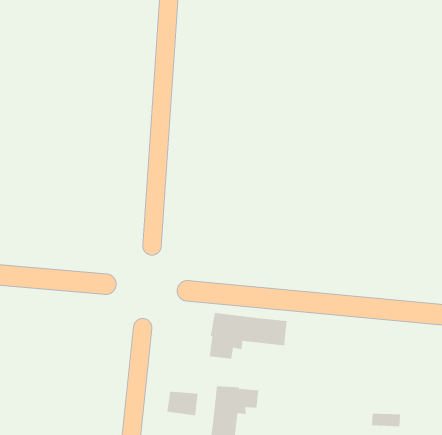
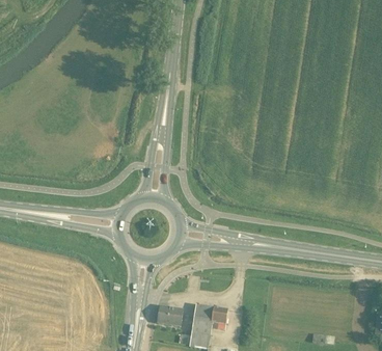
building: [209,312,287,360] -> none

